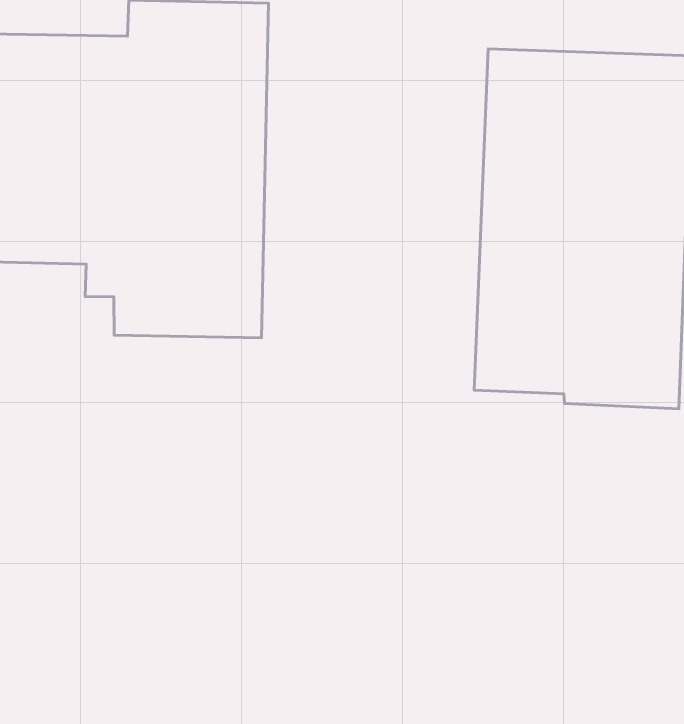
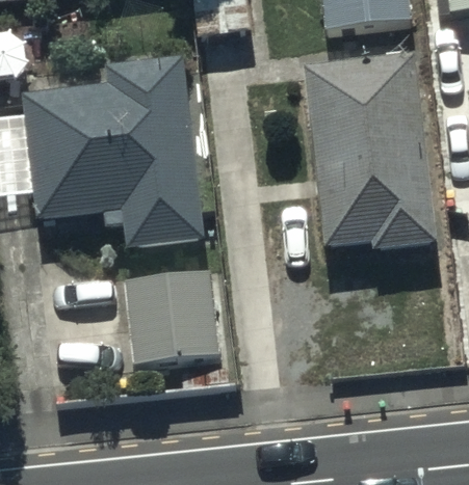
building: none -> [126,270,217,362]

